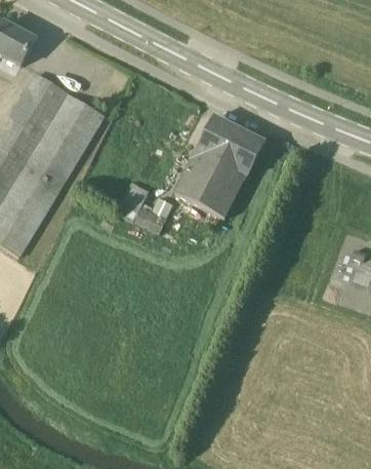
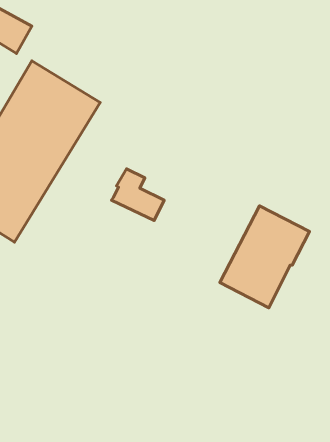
building: [175,116,265,219] -> [220,206,310,308]

